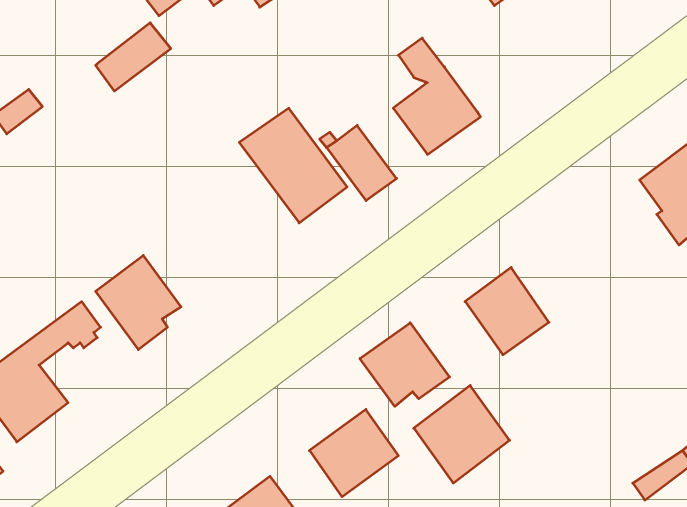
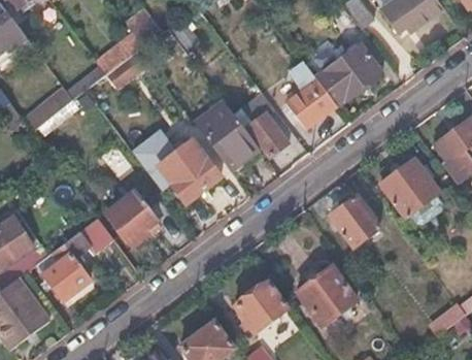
building: none -> [316,43,381,102]
building: none -> [131,126,223,203]
building: none -> [381,159,443,226]
building: [360,323,450,406] -> none

